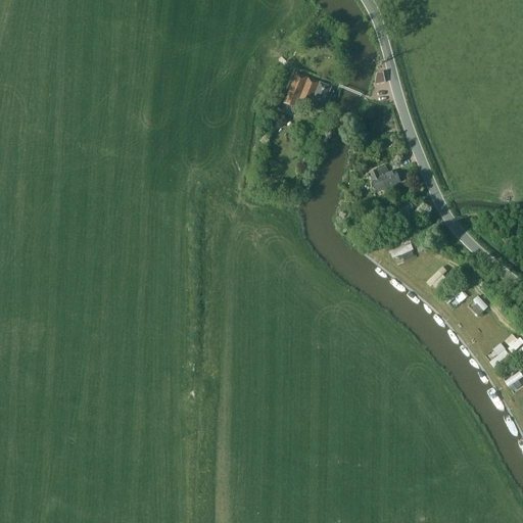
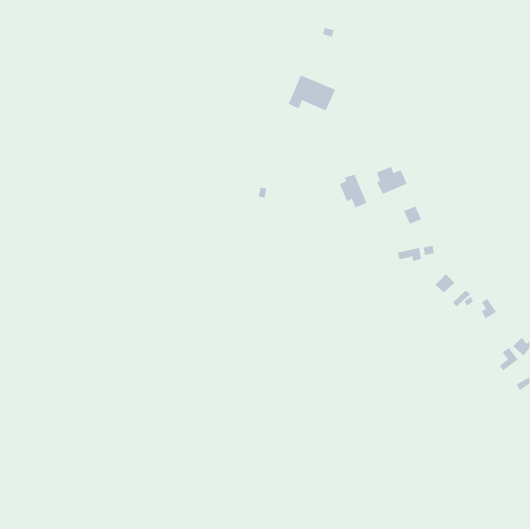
building: none -> [339,174,367,208]

